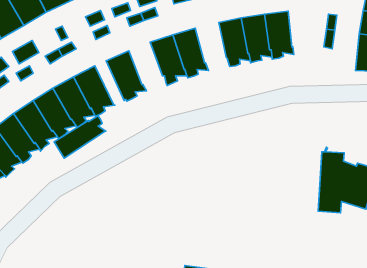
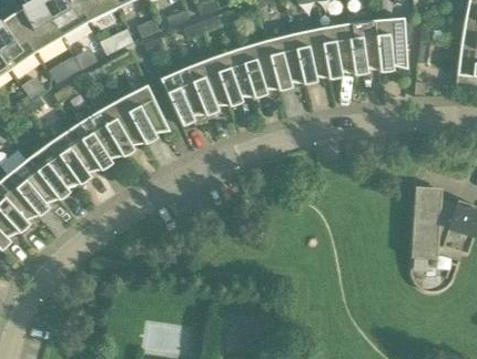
building: none -> [375,18,407,73]
building: none -> [265,33,305,92]
building: none -> [186,57,231,116]
building: [54,116,106,158] -> none

